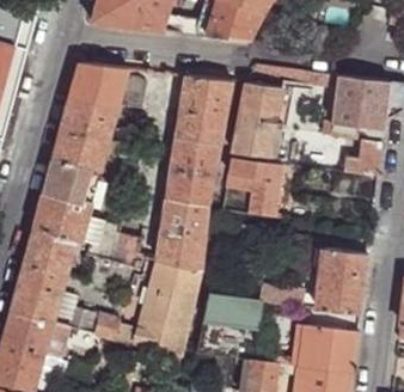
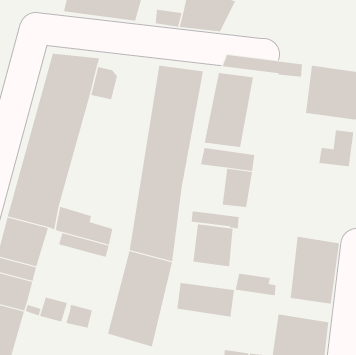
building: none -> [193,224,233,267]

